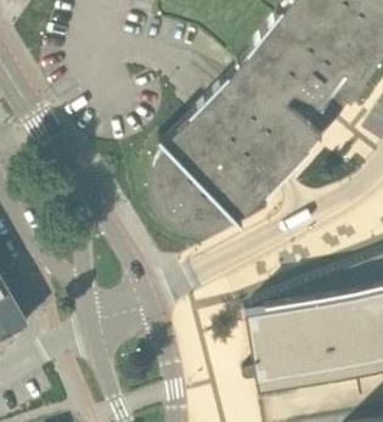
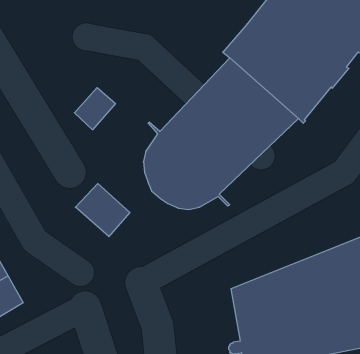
building: none -> [74,88,115,130]
building: none -> [75,184,130,237]

